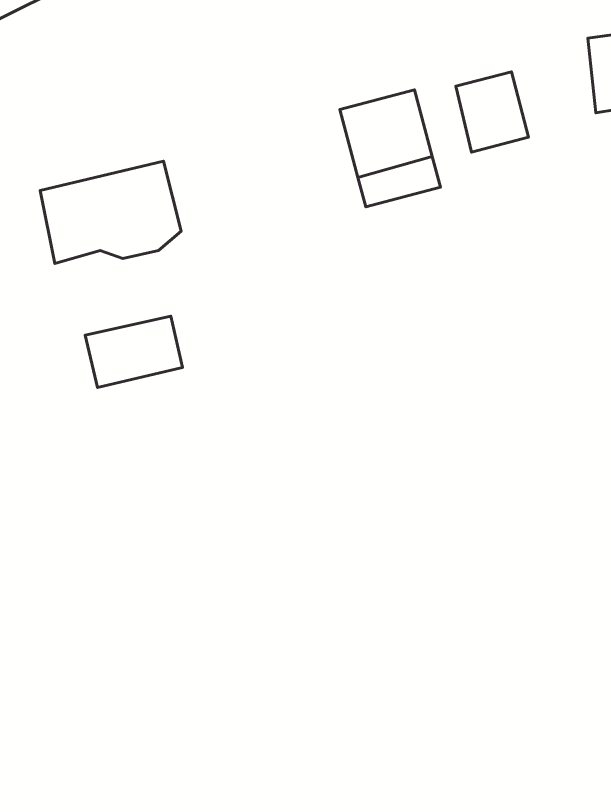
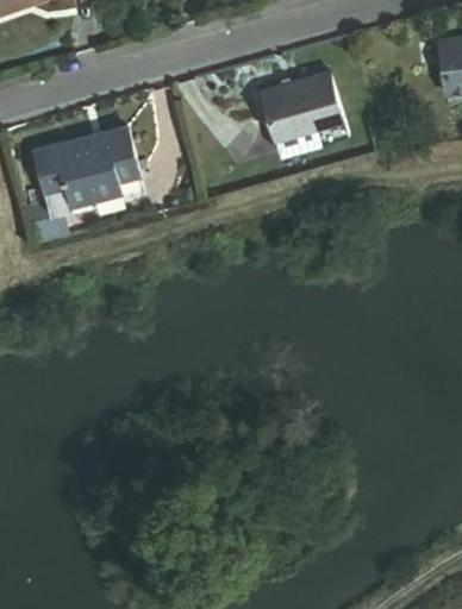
building: [456,72,529,152] -> none
building: [85,316,183,388] -> none

